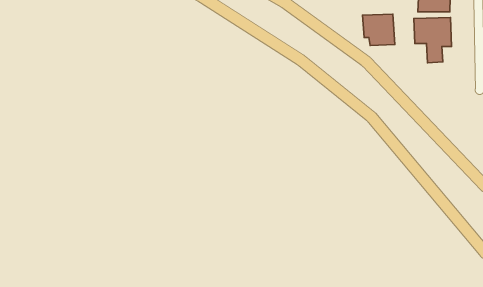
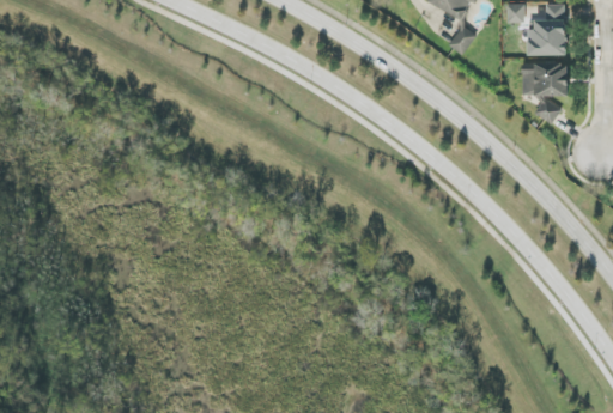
building: [363,14,395,45] -> none

